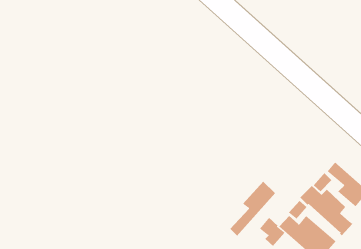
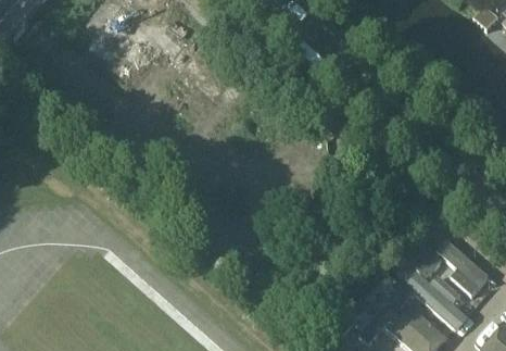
building: [229,181,276,236] -> none

